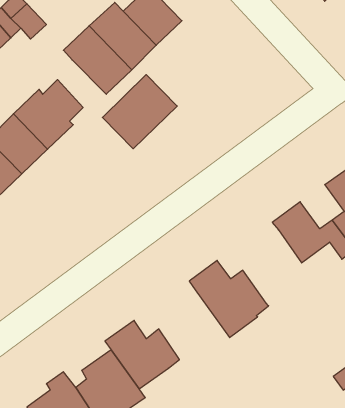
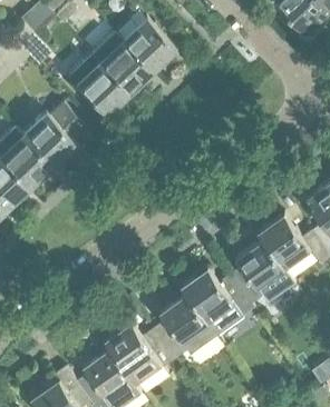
building: [102,75,177,149] -> none
building: none -> [231,240,291,307]
building: none -> [154,295,219,361]

